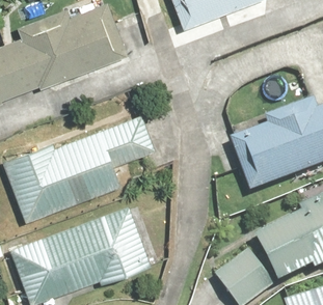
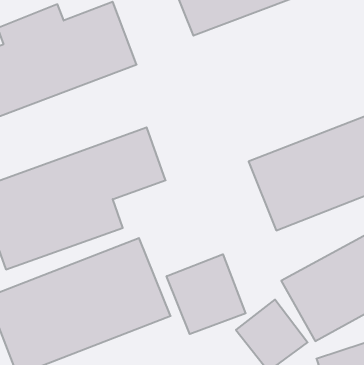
building: none -> [167,254,246,334]

